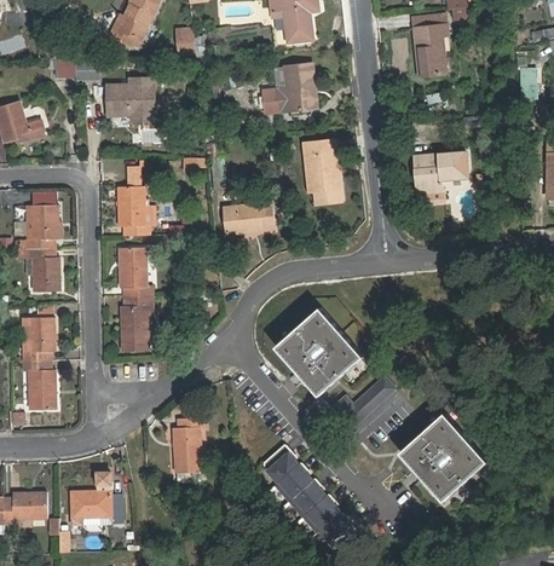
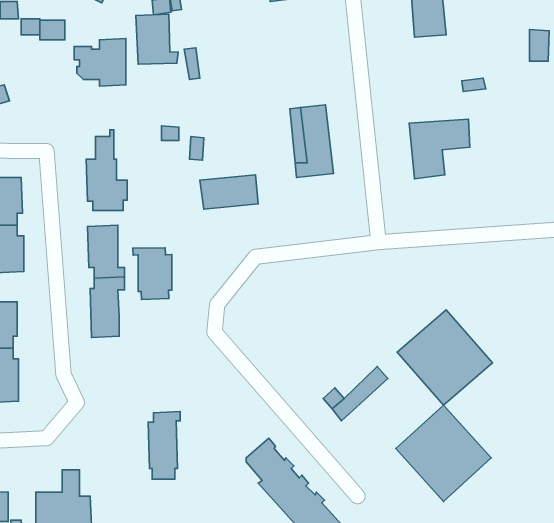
building: none -> [136,14,178,64]
building: [262,63,317,114] -> none
building: none -> [133,248,172,300]
building: [275,307,362,394] -> [397,310,492,405]

